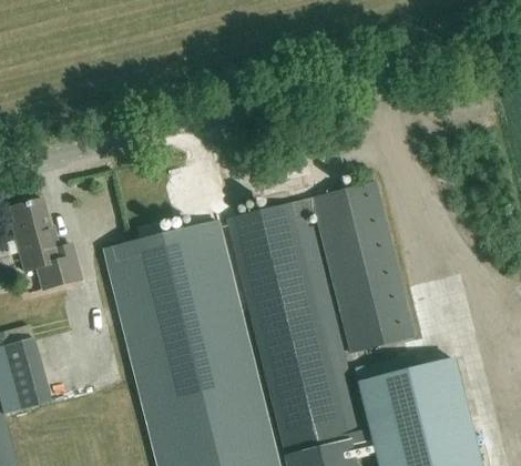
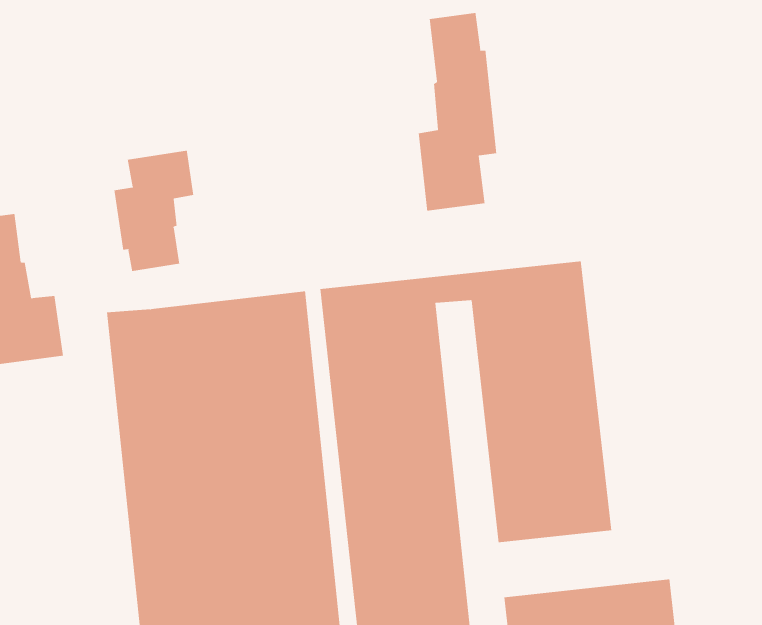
building: none -> [418,12,497,211]
building: none -> [114,150,194,272]

